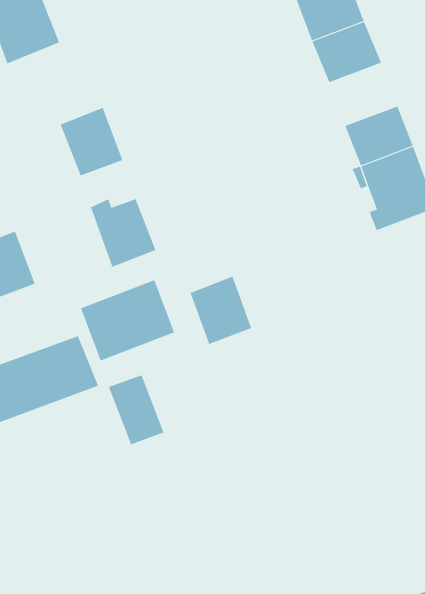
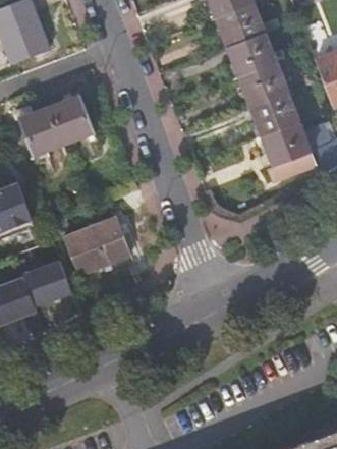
building: none -> [239,63,288,108]
building: [90,198,156,267] -> [16,107,63,156]
building: [190,276,252,345] -> none
building: [108,374,164,445] -> none

